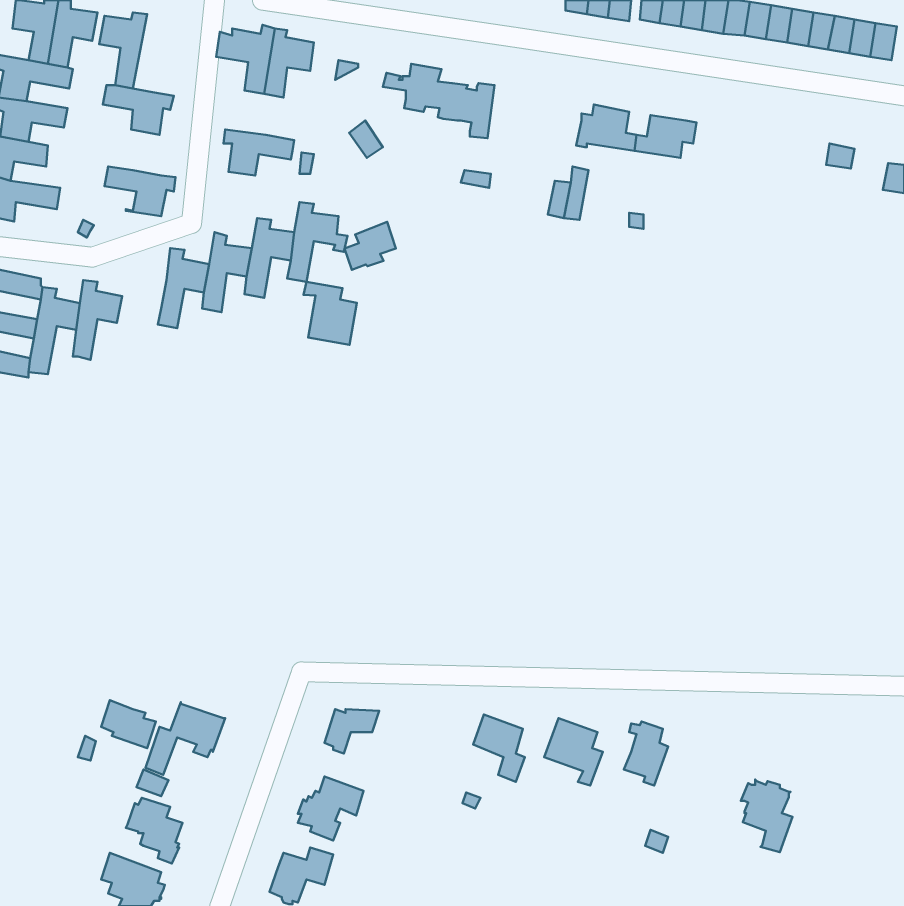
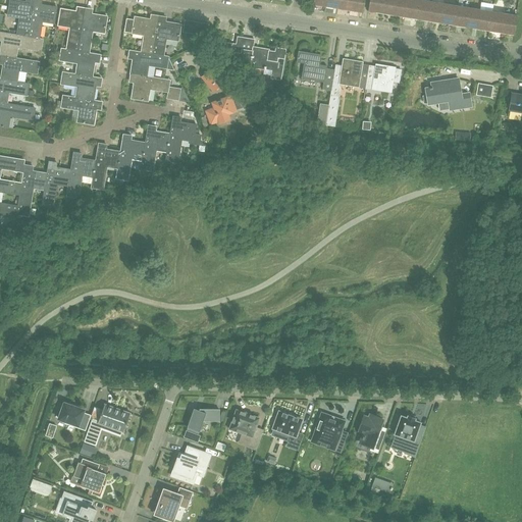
building: none -> [76,8,106,53]
building: none -> [127,50,167,77]
building: none -> [296,51,334,91]
building: none -> [60,72,101,101]
building: none -> [425,79,470,109]
building: [345,222,396,270] -> [206,96,236,123]
building: none -> [66,152,96,198]
building: [303,282,357,345] -> none
building: none -> [228,410,262,450]
building: [741,779,792,852] -> [392,415,421,457]

